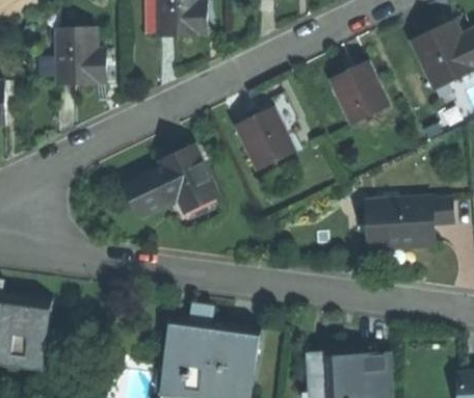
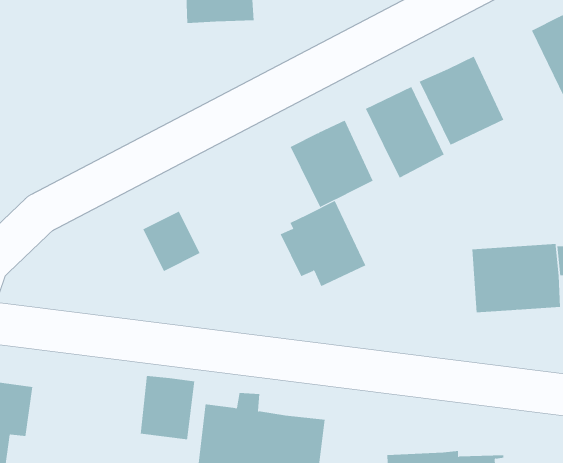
building: [56,28,108,84] -> none
building: none -> [365,86,444,179]
building: [153,149,216,212] -> [280,200,366,287]
building: none -> [140,375,195,440]

